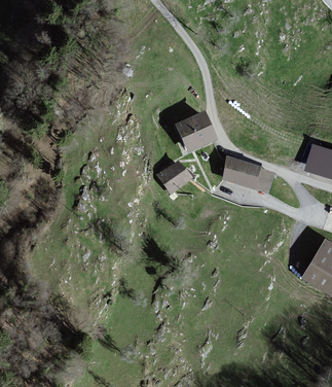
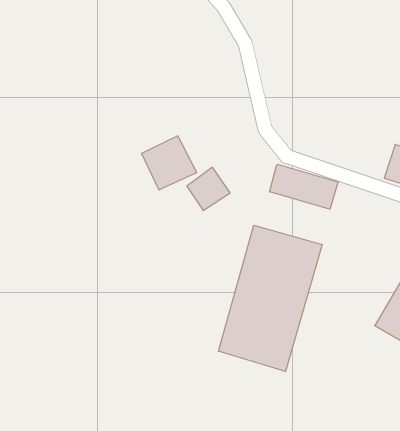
building: [175,112,217,153] -> [141,136,197,190]
building: none -> [218,225,322,372]

